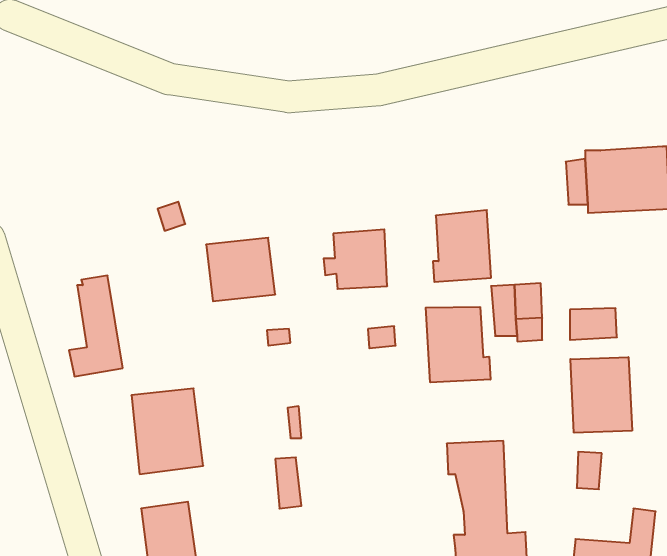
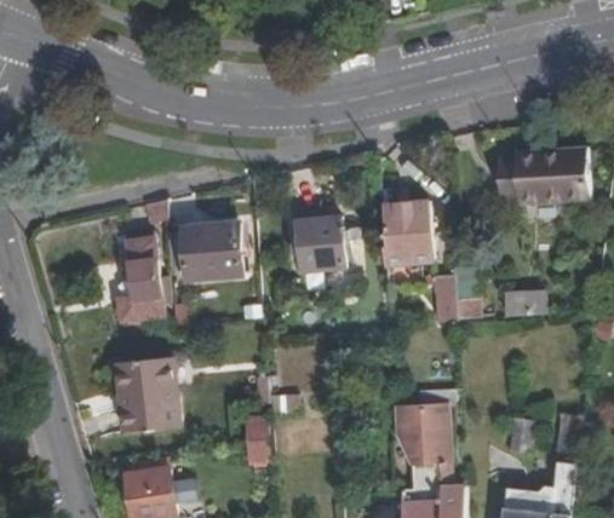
building: [69,276,123,376] -> [116,238,163,327]
building: [426,307,490,382] -> none
building: [570,357,632,433] -> none

